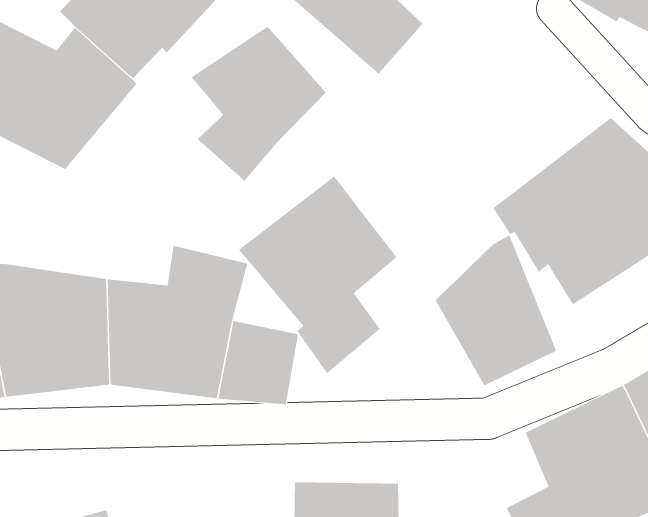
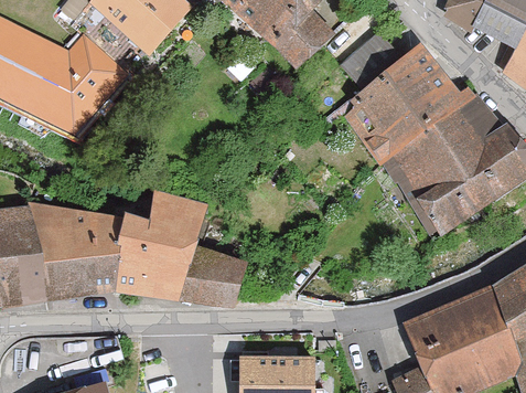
building: none -> [344,31,468,164]
building: [191,26,327,181] -> none
building: [238,175,397,374] -> none
building: [435,234,557,386] -> none

